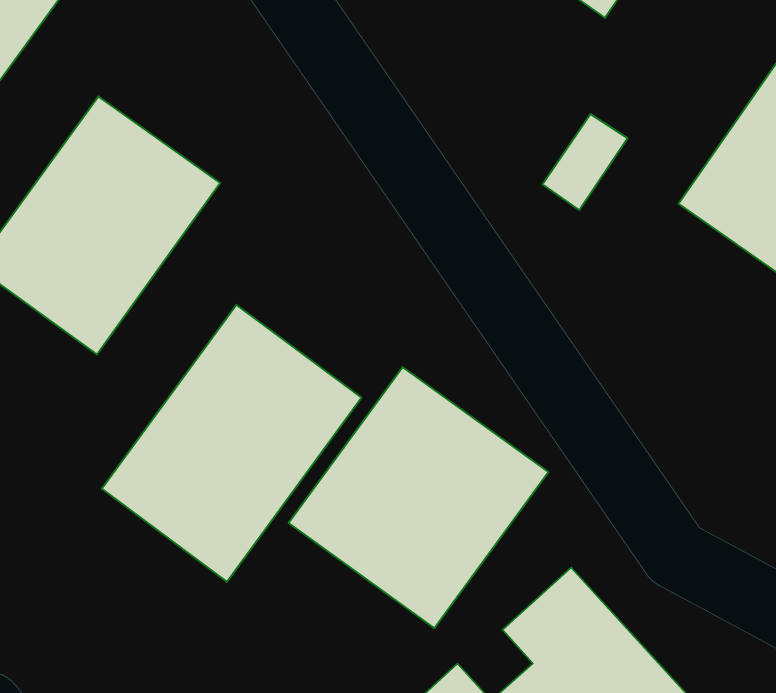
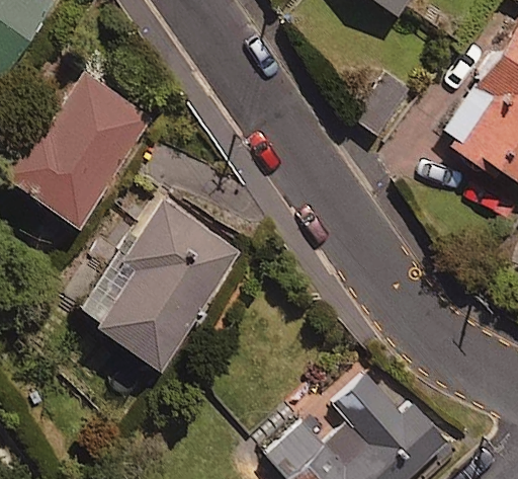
building: [289,367,548,628] -> none

